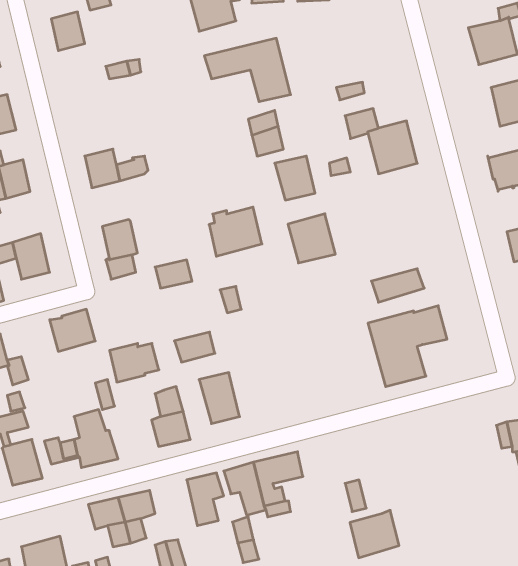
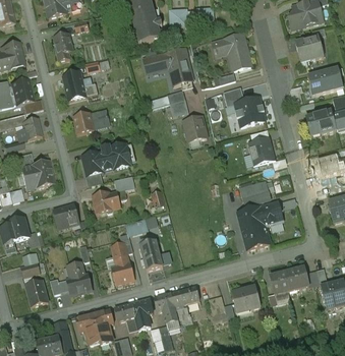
building: none -> [212,33,250,69]
building: none -> [62,71,97,99]
building: [209,207,262,256] -> [99,142,129,171]
building: [288,214,335,263] -> [247,136,275,165]
building: [110,343,159,382] -> [92,191,120,214]
building: none -> [269,266,308,294]
building: none -> [114,302,137,331]
building: [350,510,399,558] -> [231,285,260,312]

